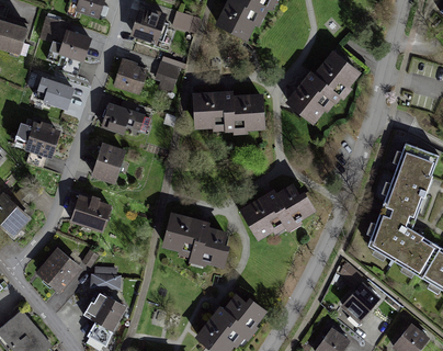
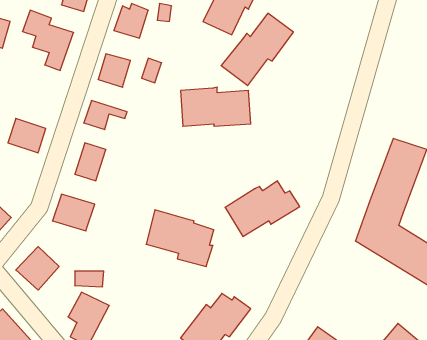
building: [286,53,357,124] -> [221,13,293,86]
building: [36,75,75,110] -> none
building: [341,283,379,322] -> none

